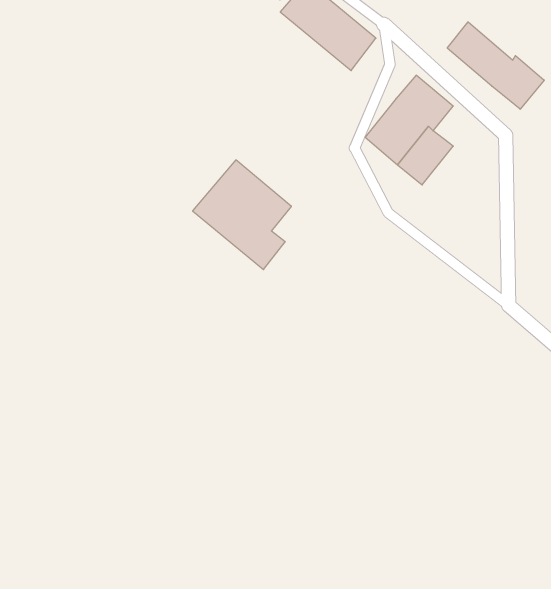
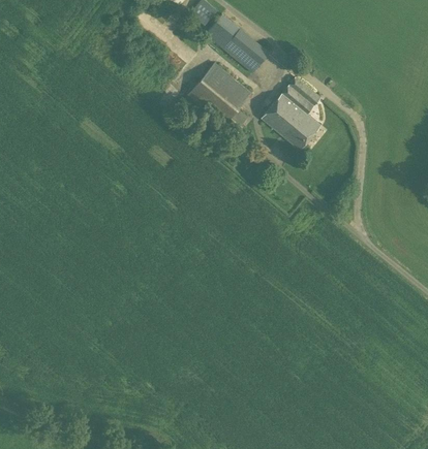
building: [447,22,544,109] -> none
building: [193,160,291,270] -> [186,62,252,135]

